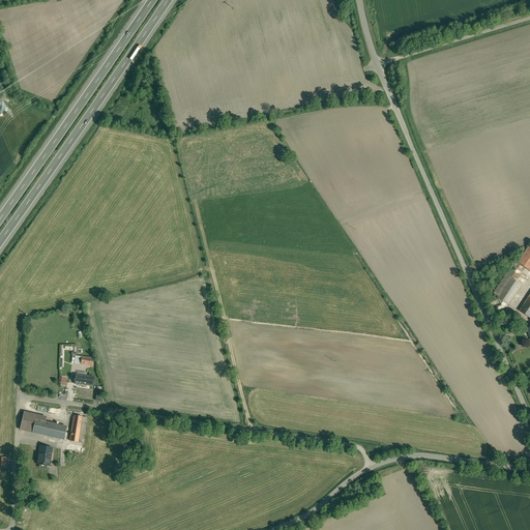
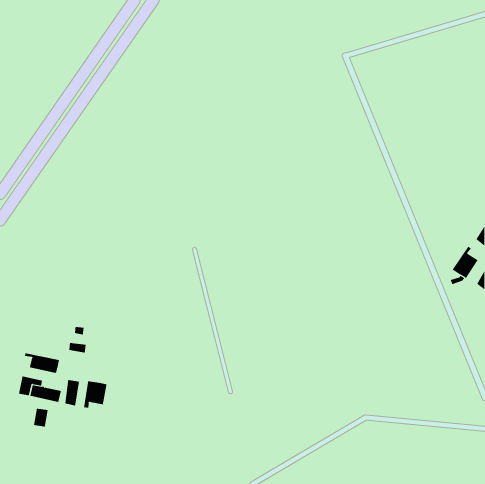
building: none -> [25,352,60,374]
building: none -> [83,380,107,408]

